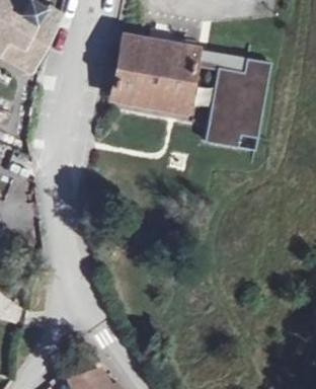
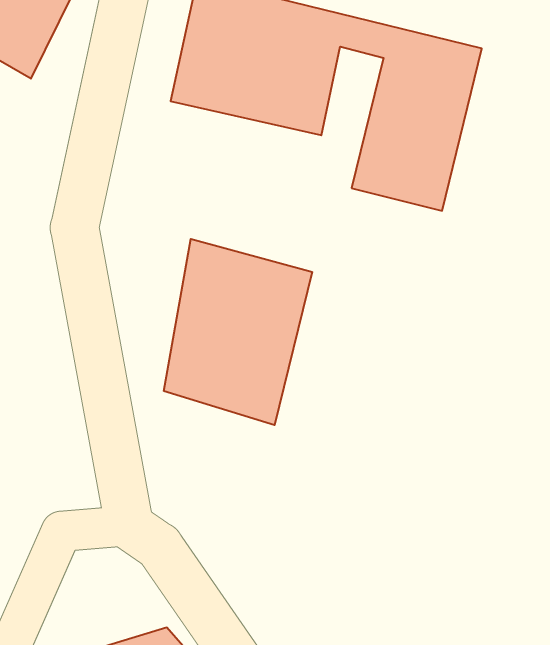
building: none -> [164,239,312,425]

